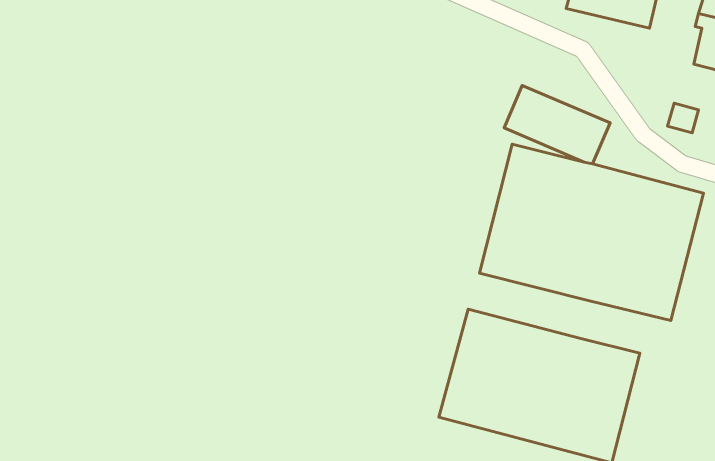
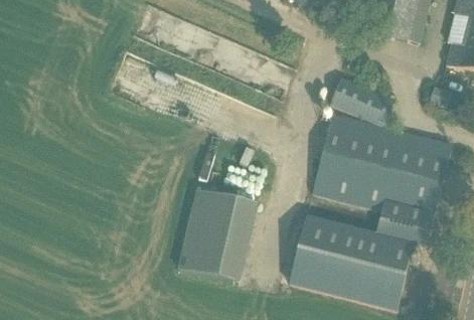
building: none -> [180,188,257,281]
building: none -> [377,209,433,245]

